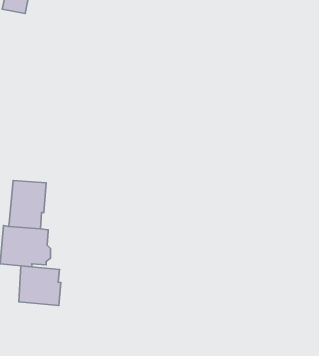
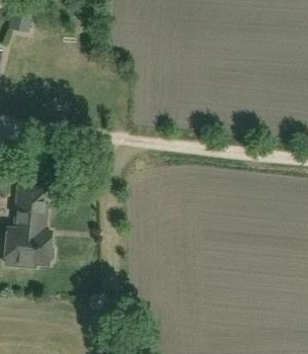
building: [19,266,61,306] -> none

